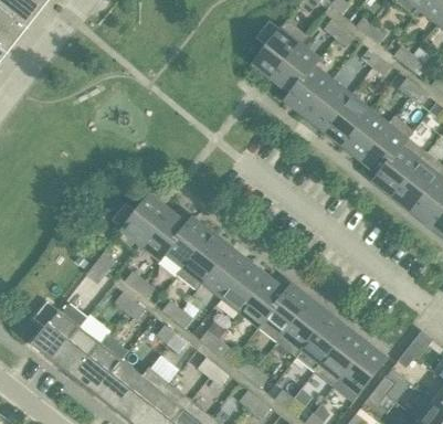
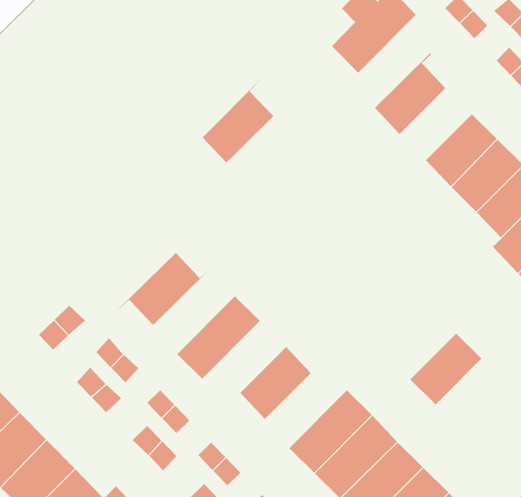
building: [273,35,318,99] -> [202,79,274,172]
building: [305,81,350,129] -> none
building: [113,194,169,253] -> none
building: [160,218,211,276] -> none
building: [197,247,249,296] -> none
building: [241,277,292,328] -> [410,333,492,408]

